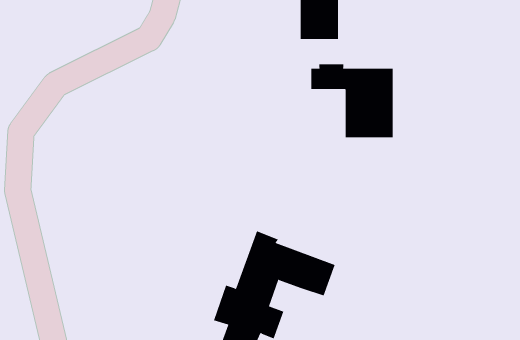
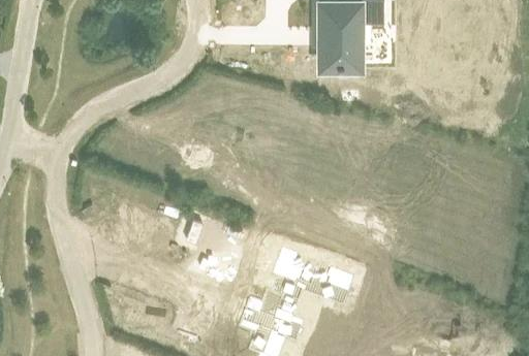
building: [311,64,393,138] -> none

